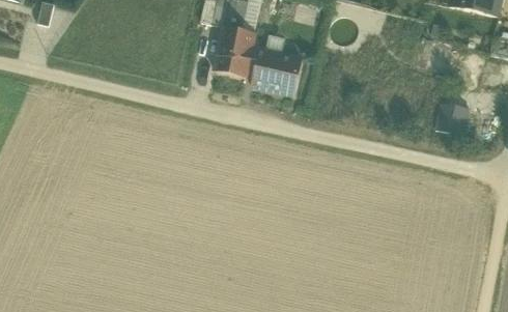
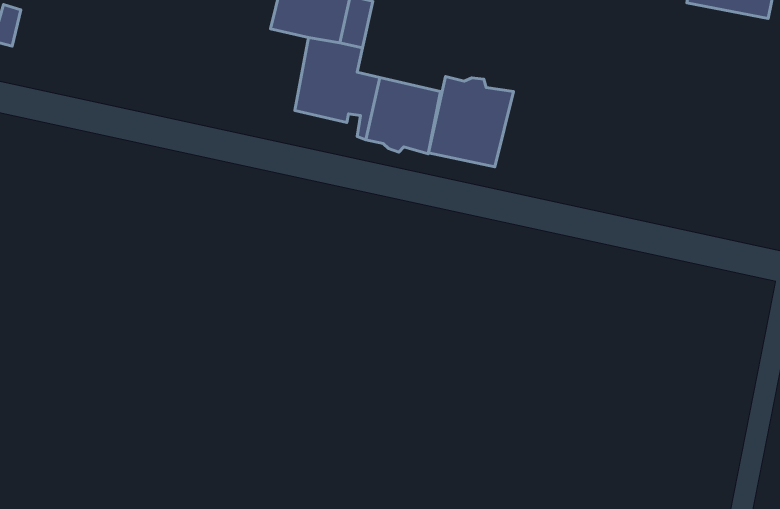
building: none -> [428,77,514,167]
building: [438,103,468,132] -> none

